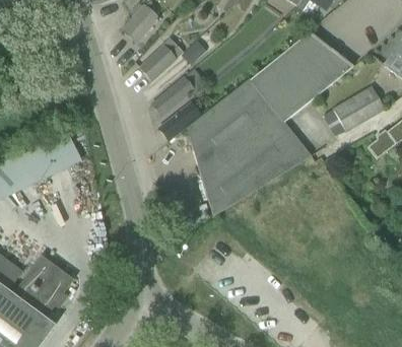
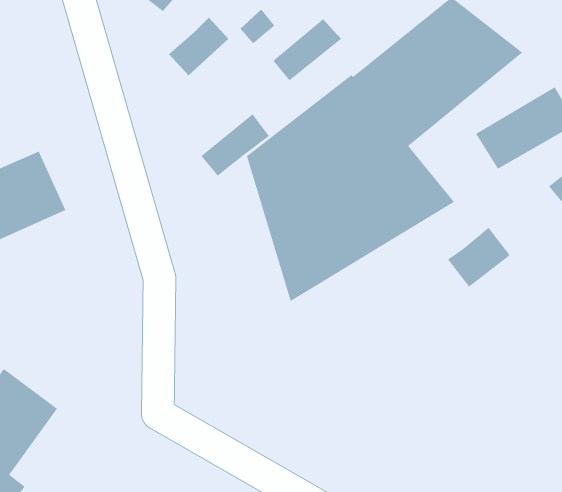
building: [151,78,193,116] -> [272,19,342,81]
building: none -> [447,227,510,288]

